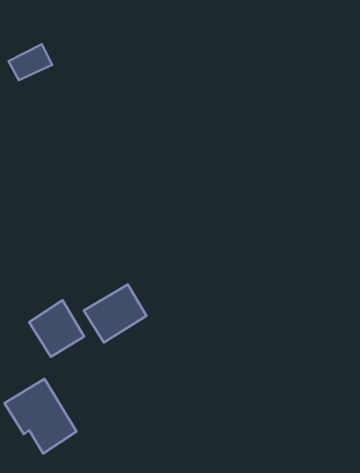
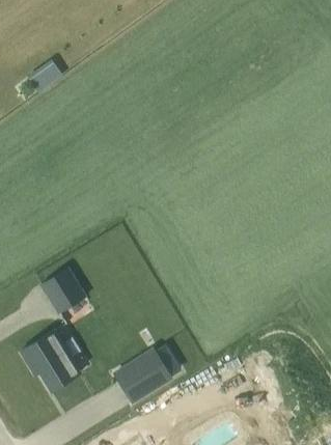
building: [84,284,147,342] -> none
building: none -> [116,349,173,401]

